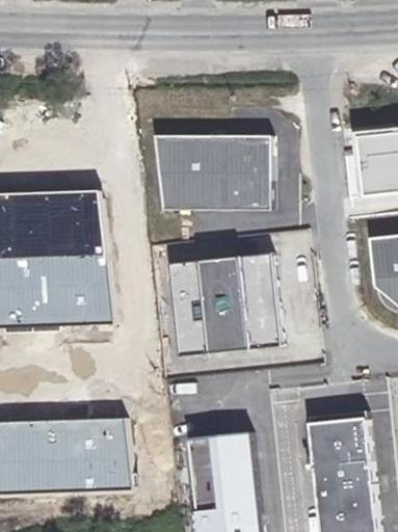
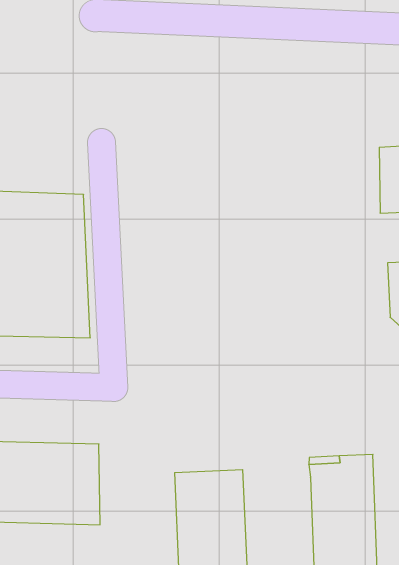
building: [155,136,271,212] -> none
building: [168,254,281,357] -> none

